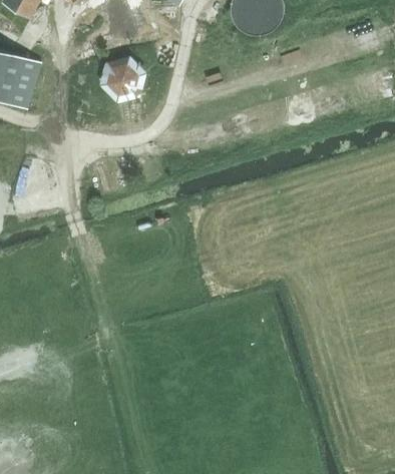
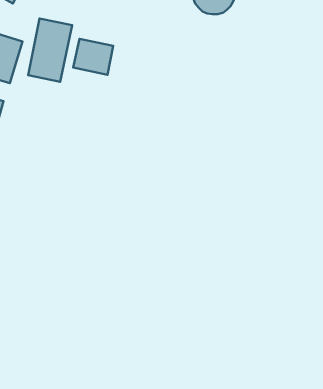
building: none -> [28,18,72,82]

